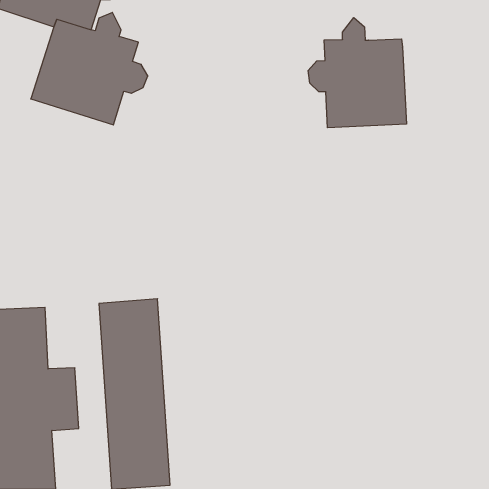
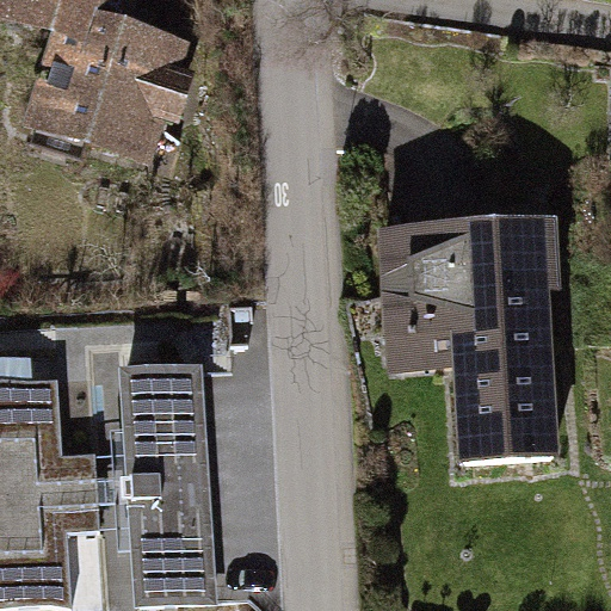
building: [308,18,406,128] -> none
building: none -> [388,233,544,461]

